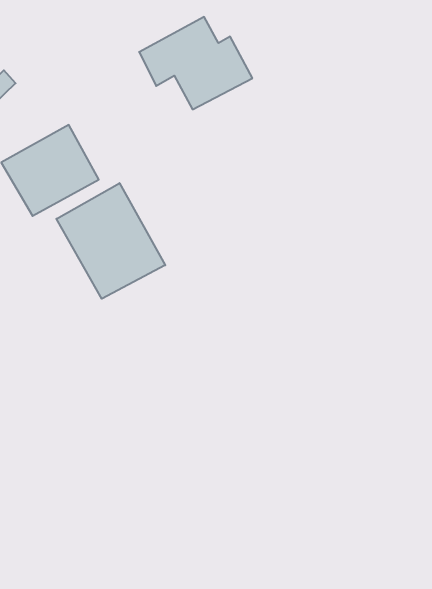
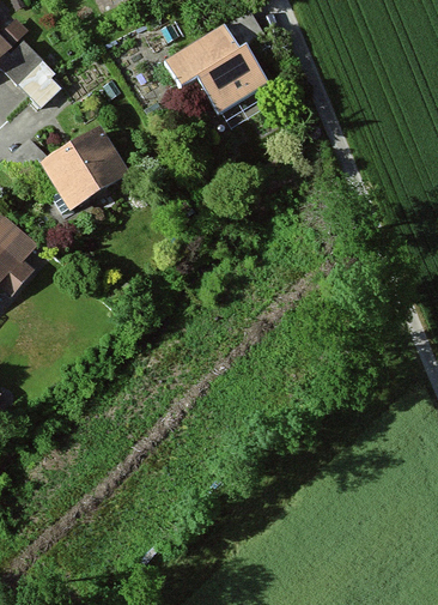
building: [56,183,165,299] -> none

